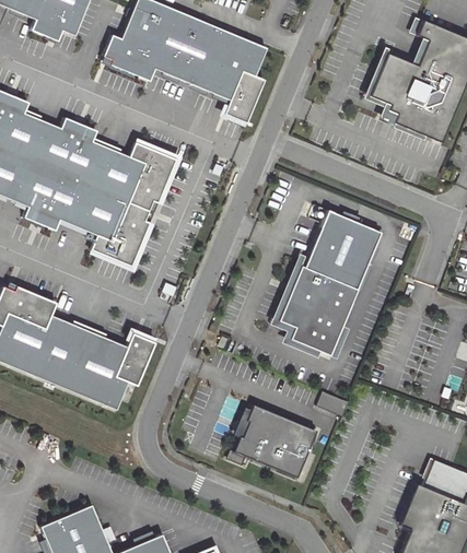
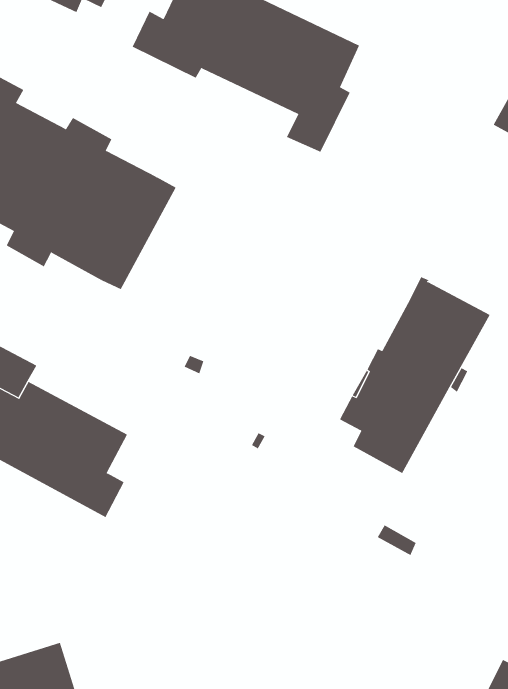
building: [91,143,173,264] -> none
building: [115,332,154,384] -> none
building: [236,404,316,478] -> none

